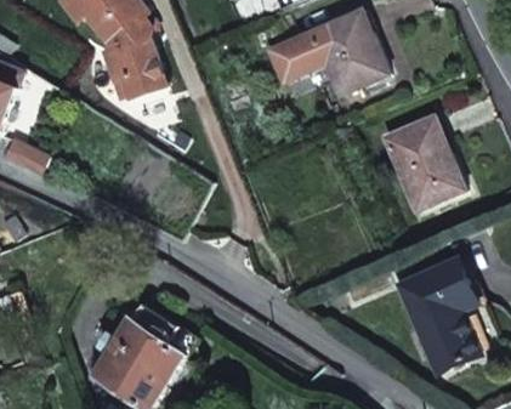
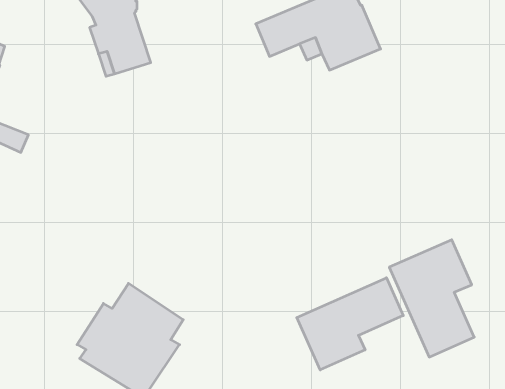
building: [384,115,464,209] -> none
building: none -> [297,278,403,370]

